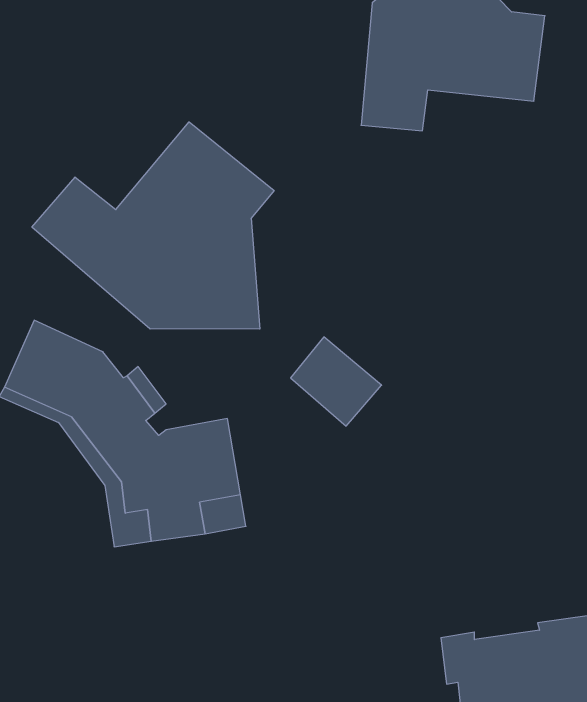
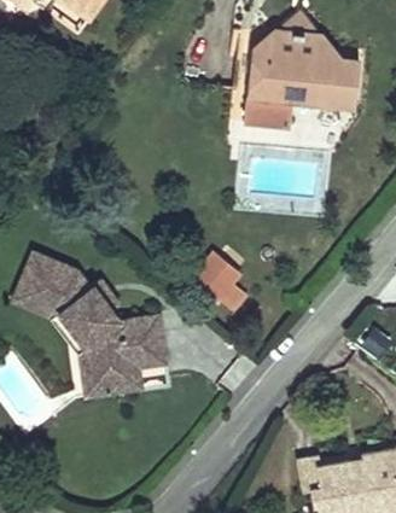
building: [32,122,274,329] -> none

